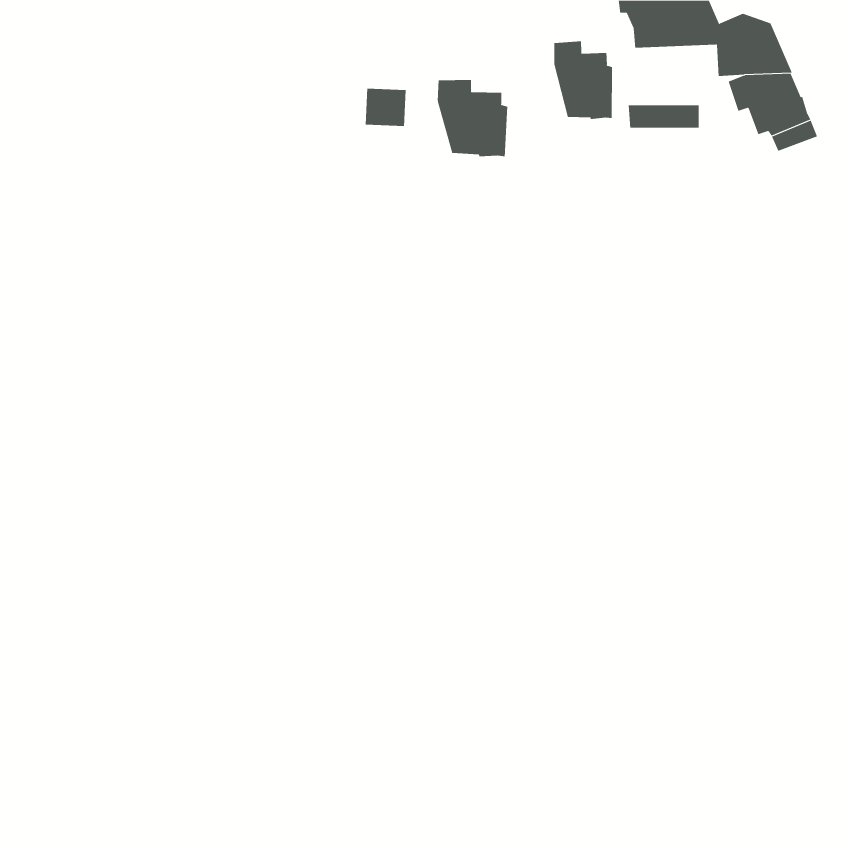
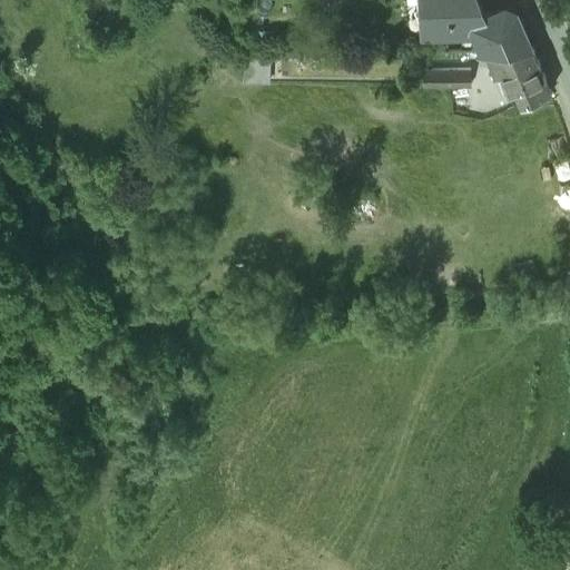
building: [554,40,613,120] -> none
building: [437,79,508,157] -> none

